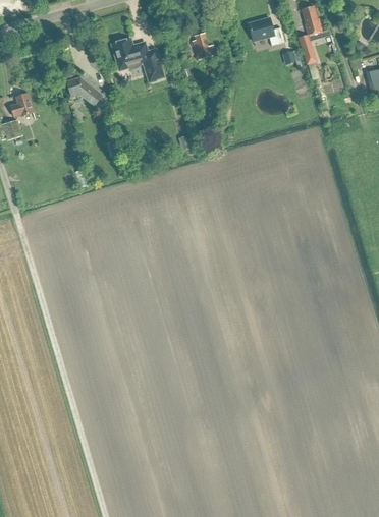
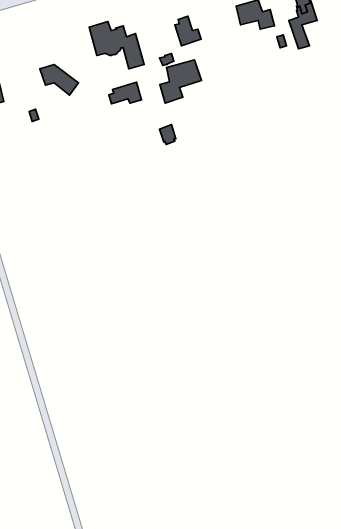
building: none -> [160,60,201,103]
building: none -> [109,82,142,104]

